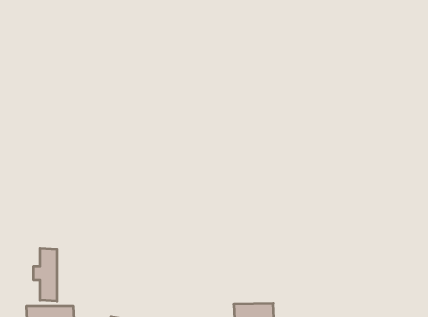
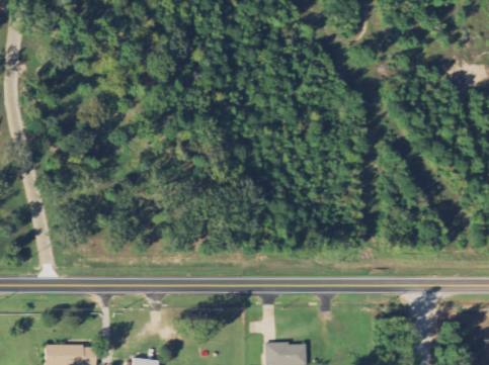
building: [34,248,57,301] -> none

